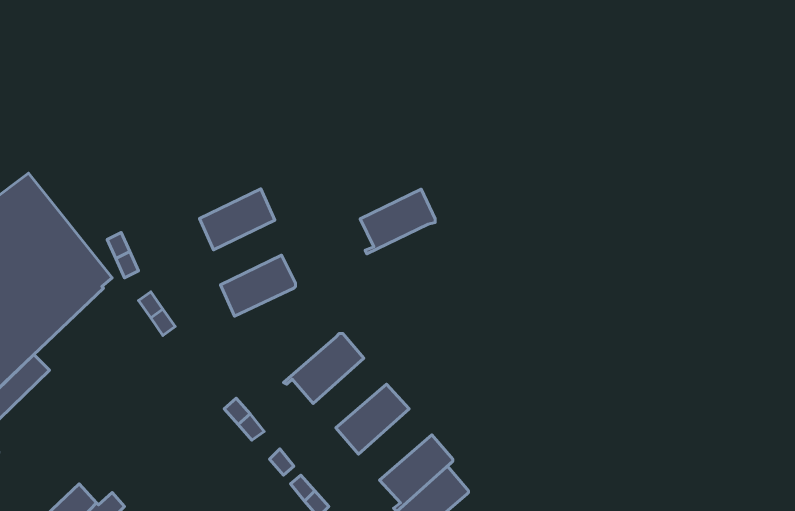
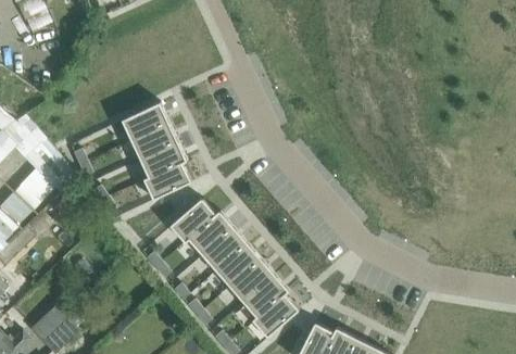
building: none -> [121,102,168,140]
building: [360,189,435,254] -> [139,141,186,181]
building: none -> [169,199,215,242]
building: none -> [201,227,247,270]
building: none -> [229,258,275,303]

